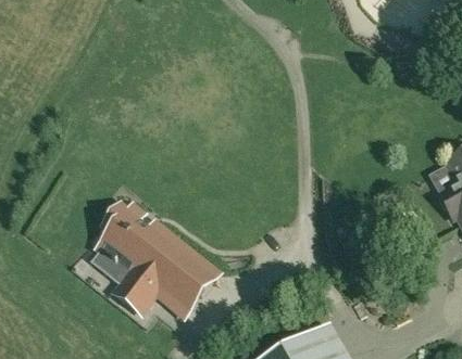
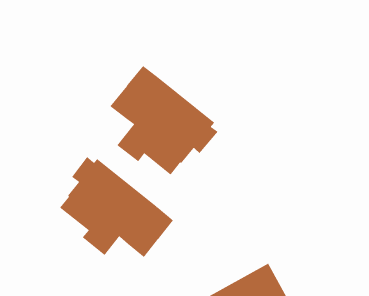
building: none -> [109,65,218,176]

